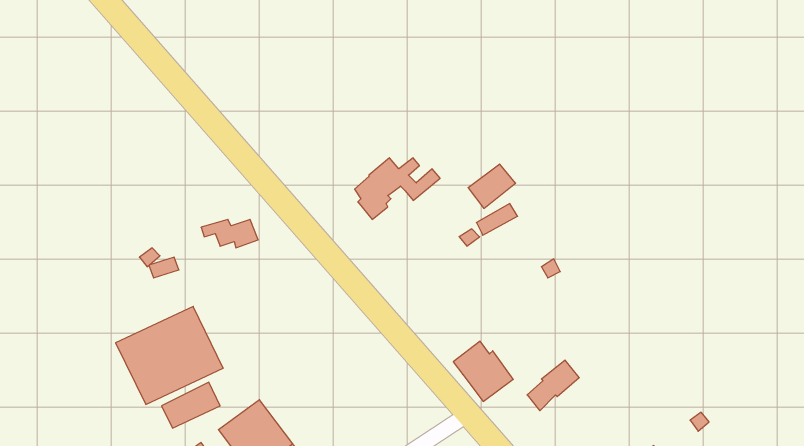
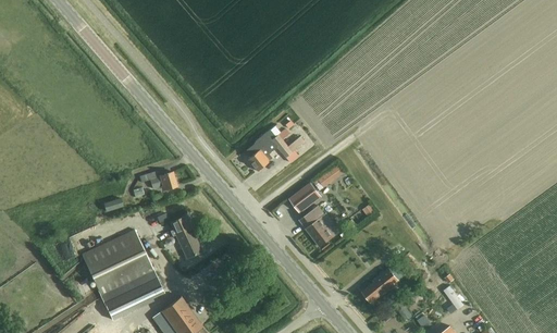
building: [468,164,516,208] -> [289,183,322,213]
building: none -> [169,215,201,258]
building: [453,341,513,401] -> [299,206,341,247]

